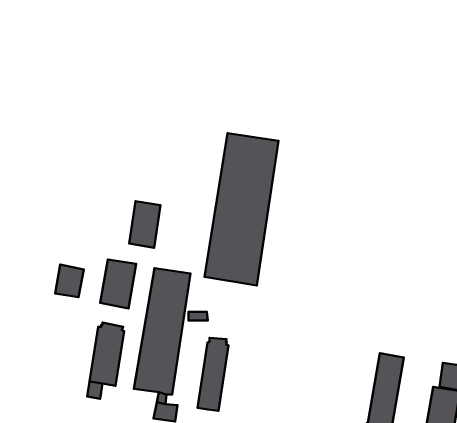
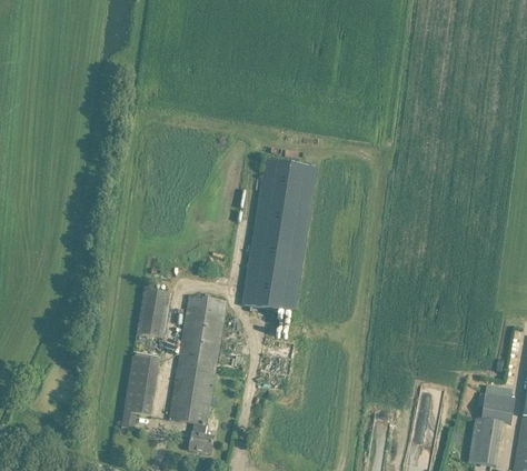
building: [129,201,161,248] -> none
building: [55,264,84,297] -> none
building: [197,338,229,411] -> none

